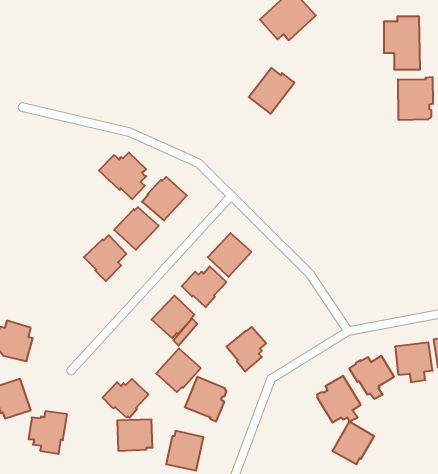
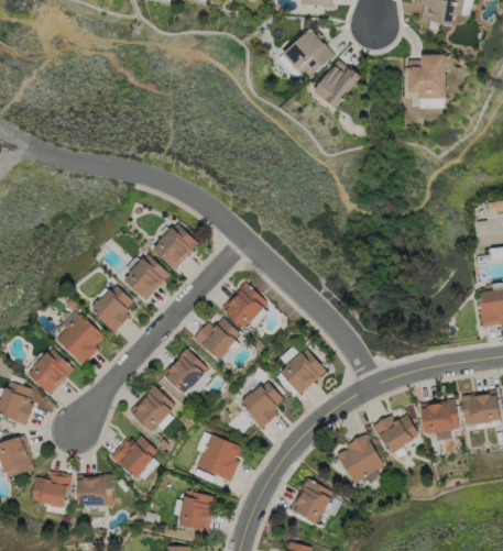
building: [249,68,294,114] -> [314,59,362,108]
building: [398,77,433,120] -> none
building: [99,152,146,199] -> none
building: none -> [55,313,103,365]
building: none -> [275,345,327,397]
building: none -> [28,349,74,395]
building: [156,348,201,392] -> [129,385,176,431]
building: [117,419,153,451] -> [75,474,112,507]
building: [333,422,374,464] -> [289,476,333,521]

